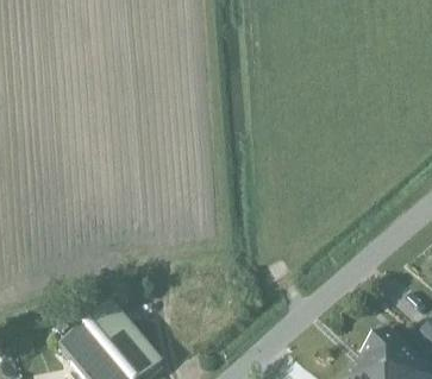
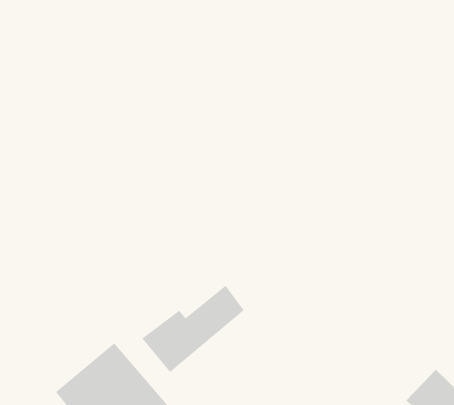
building: none -> [142,285,245,373]

